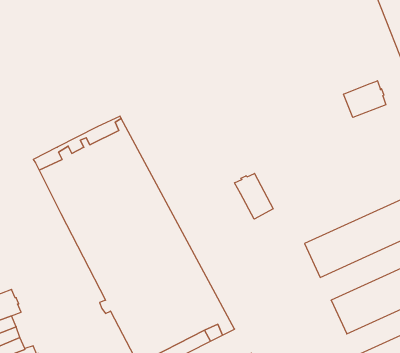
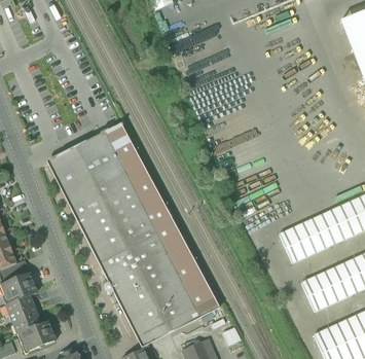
building: [344,81,386,117] -> none
building: [235,173,273,219] -> none

